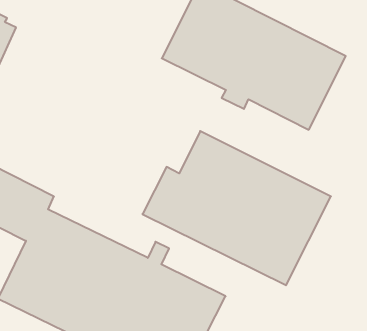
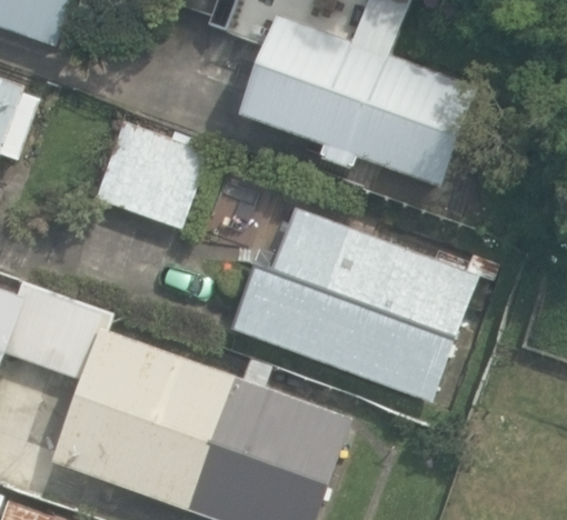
building: none -> [98,121,208,228]

